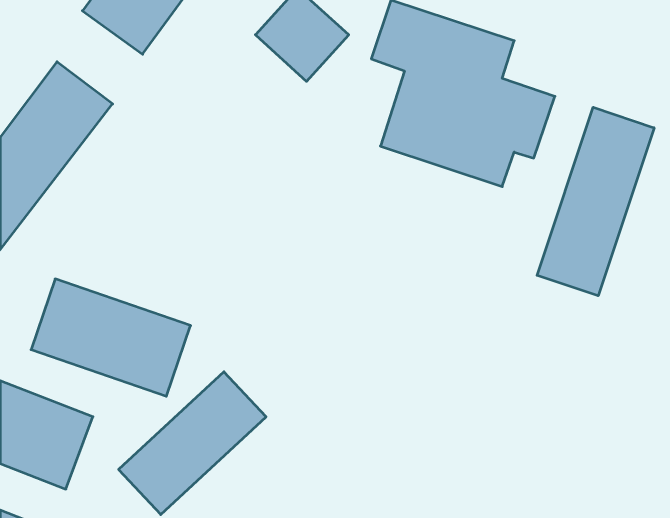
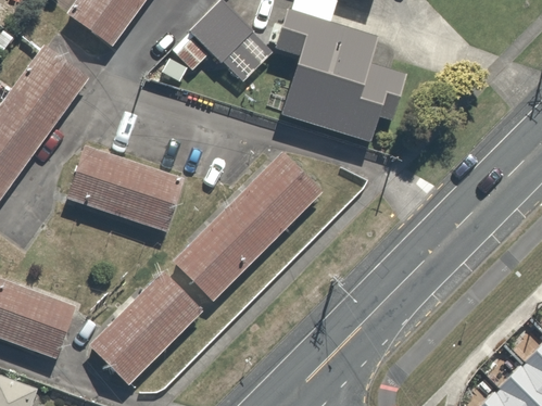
building: [537,107,654,296] -> none
building: none -> [175,155,319,297]
building: [31,279,191,396] -> [68,147,184,231]

